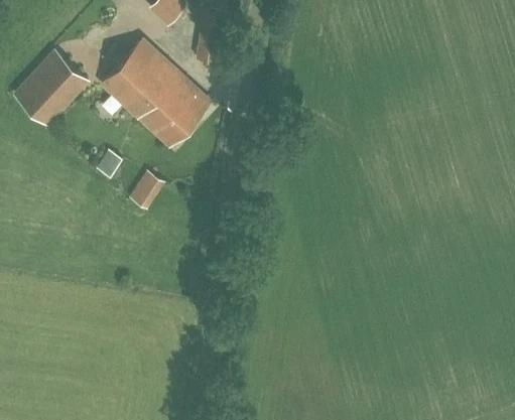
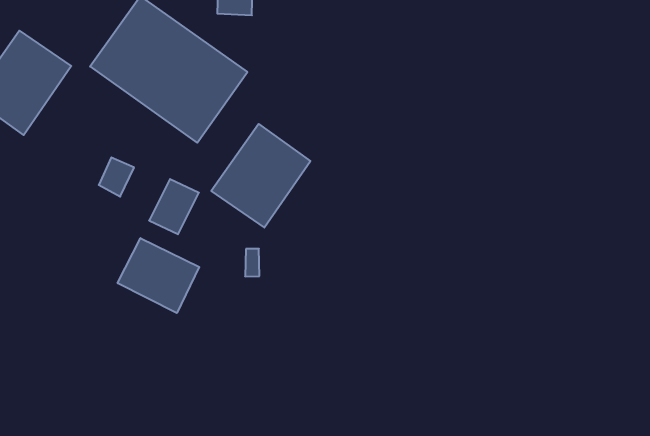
building: none -> [211,124,310,228]
building: none -> [118,238,199,313]

